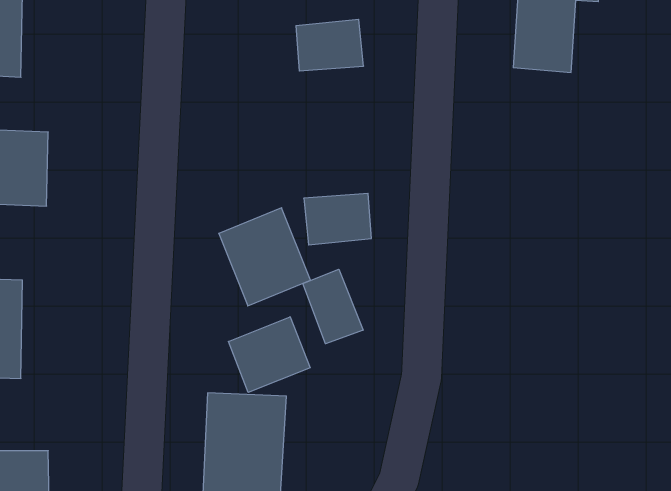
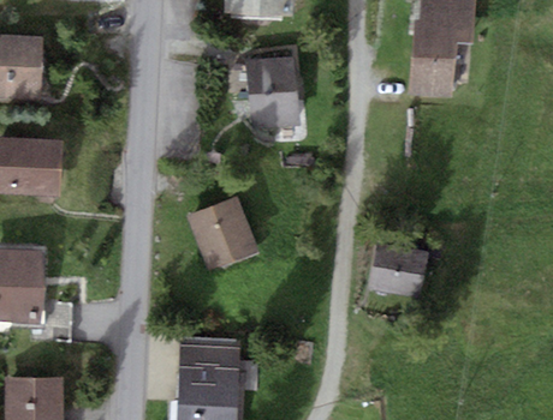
building: [304,193,371,245] -> [249,91,299,130]
building: none -> [368,242,428,298]
building: [303,269,363,344] -> none
building: [228,317,310,392] -> none

